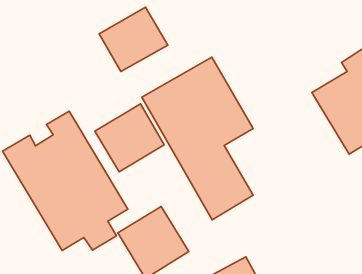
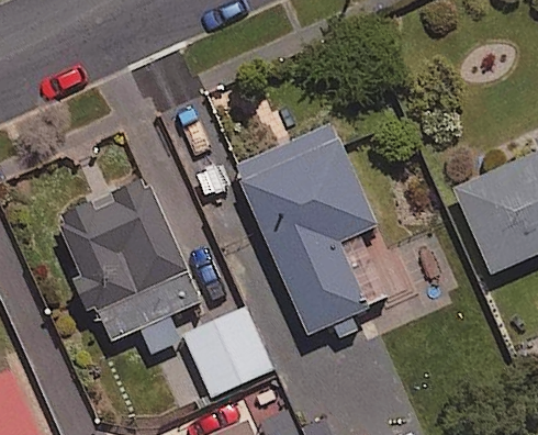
building: [99,7,168,71] -> none
building: [95,104,164,172] -> none

